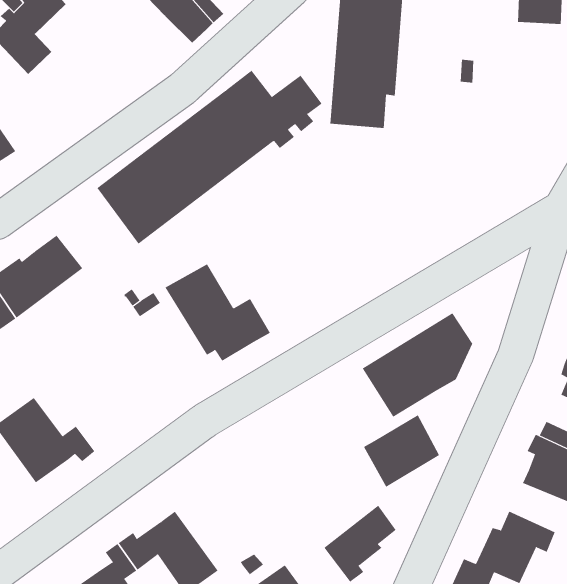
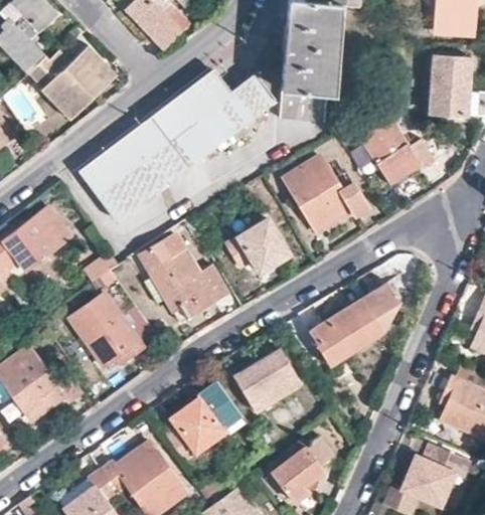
building: none -> [24,46,115,121]
building: none -> [431,56,471,117]
building: none -> [361,118,435,183]
building: none -> [284,156,367,230]
building: none -> [226,218,288,271]
building: none -> [70,294,144,366]
building: [363,414,440,487] -> [234,348,299,409]
building: none -> [171,398,233,452]

